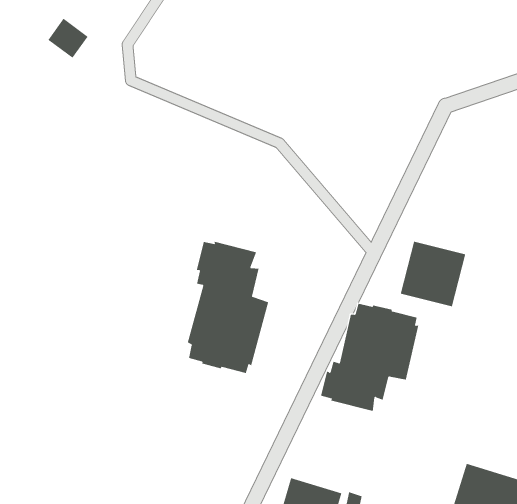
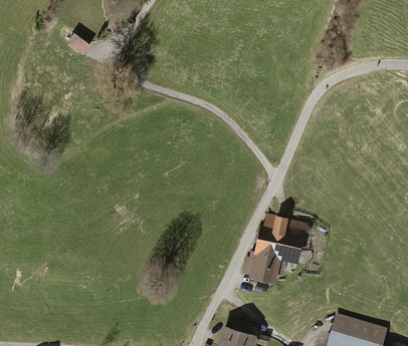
building: [400,241,466,307] -> none
building: [187,241,269,374] -> none

